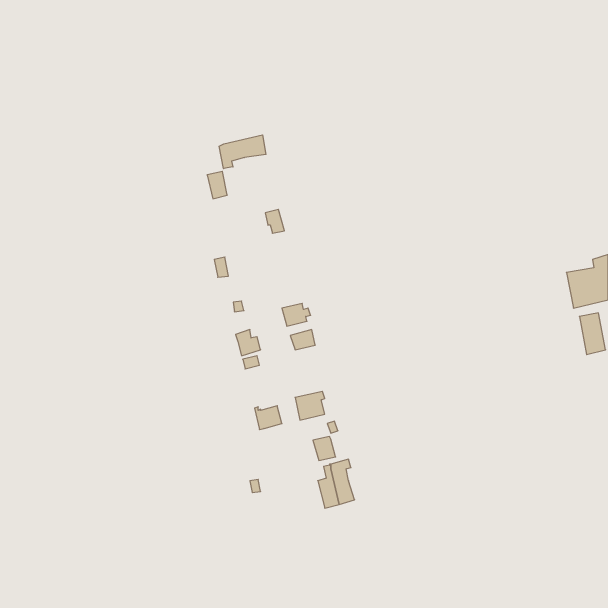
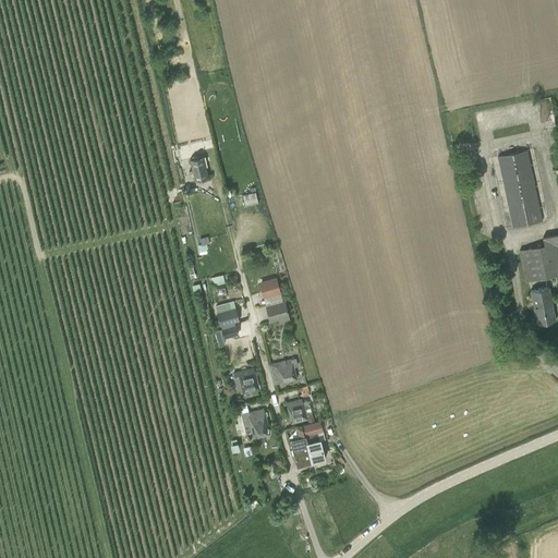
building: [219,135,266,169] -> none
building: none -> [497,150,543,228]
building: none -> [241,412,268,434]

